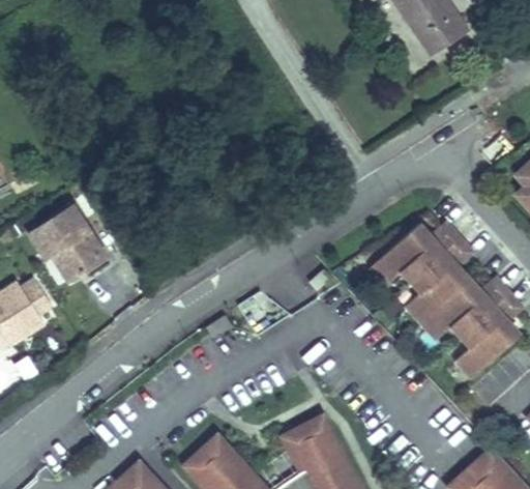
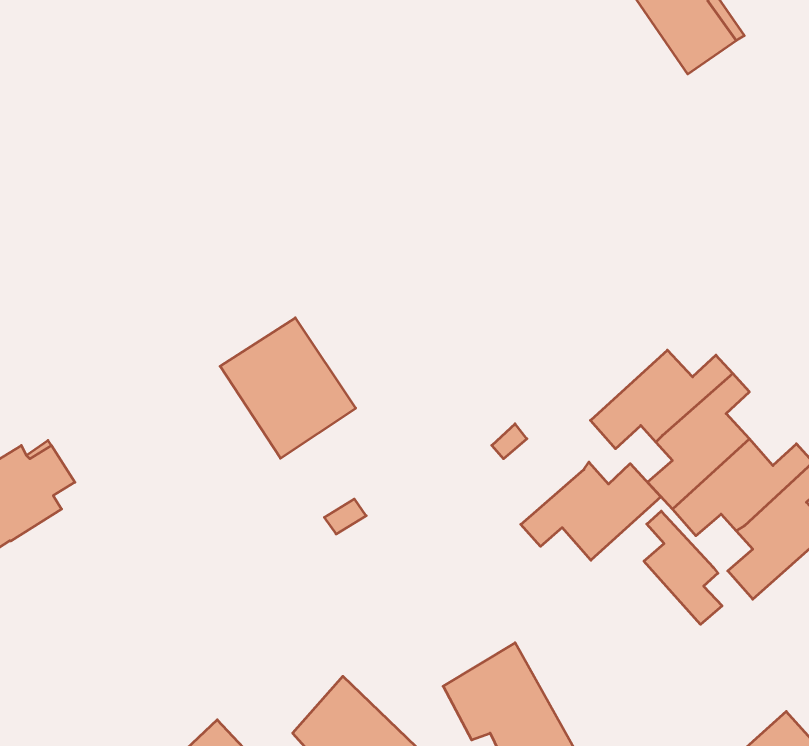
building: [25,207,109,294] -> [220,318,356,458]
building: none -> [521,462,661,560]
building: none -> [644,511,722,624]

